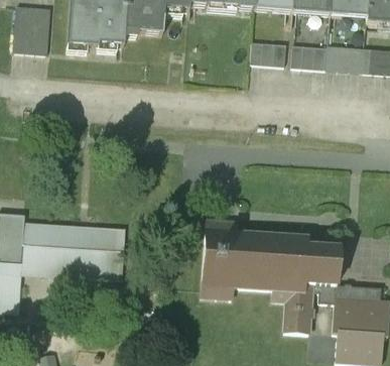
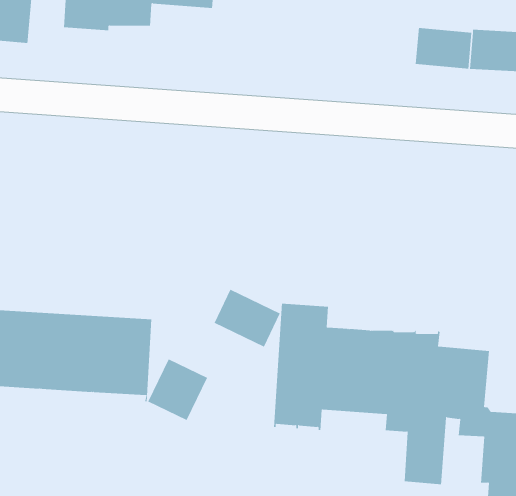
building: [250,41,286,68] -> none
building: none -> [214,289,281,347]
building: none -> [147,359,208,421]

